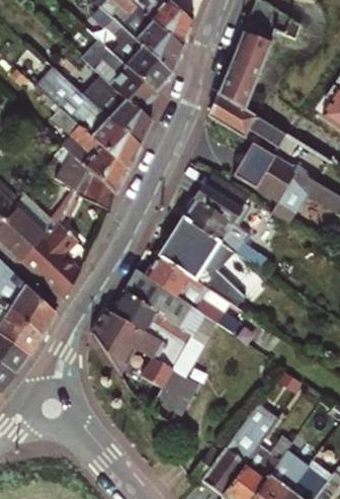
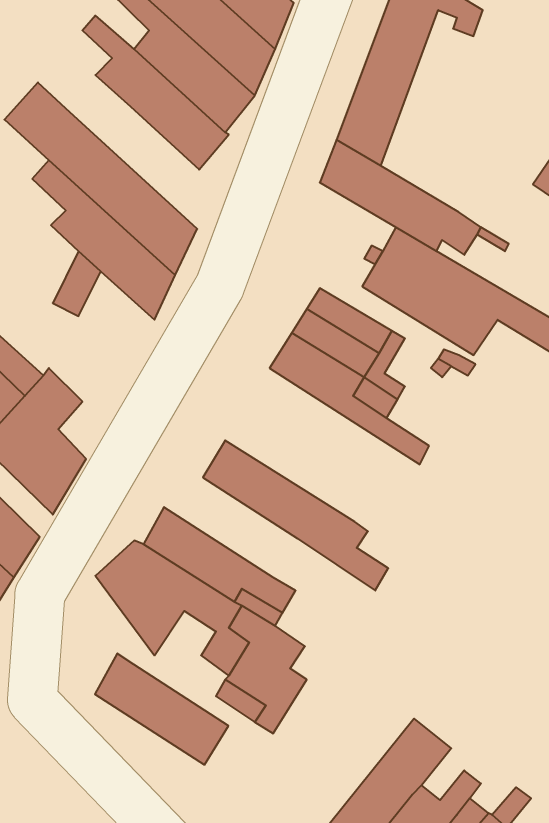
building: [69,69,152,143] -> none
building: [75,166,117,207] -> none
building: [156,219,234,303] -> none
building: [122,272,195,333] -> [95,653,228,765]

